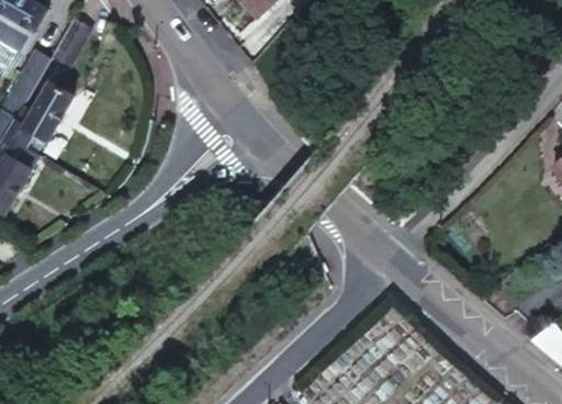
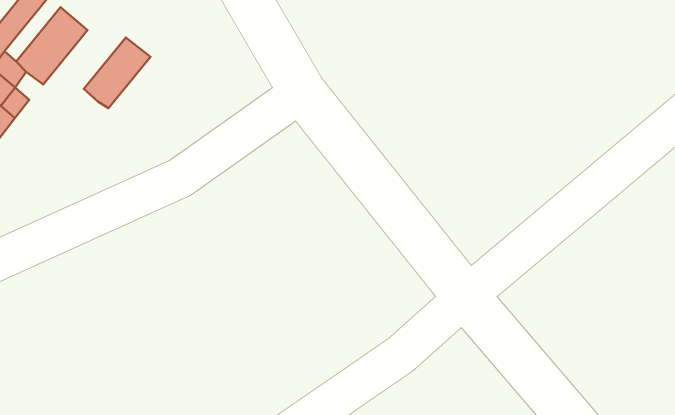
building: none -> [84,38,150,108]

